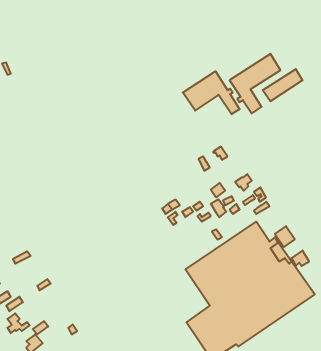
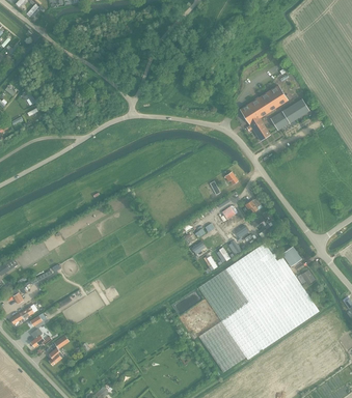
building: [183,71,240,114] -> none

